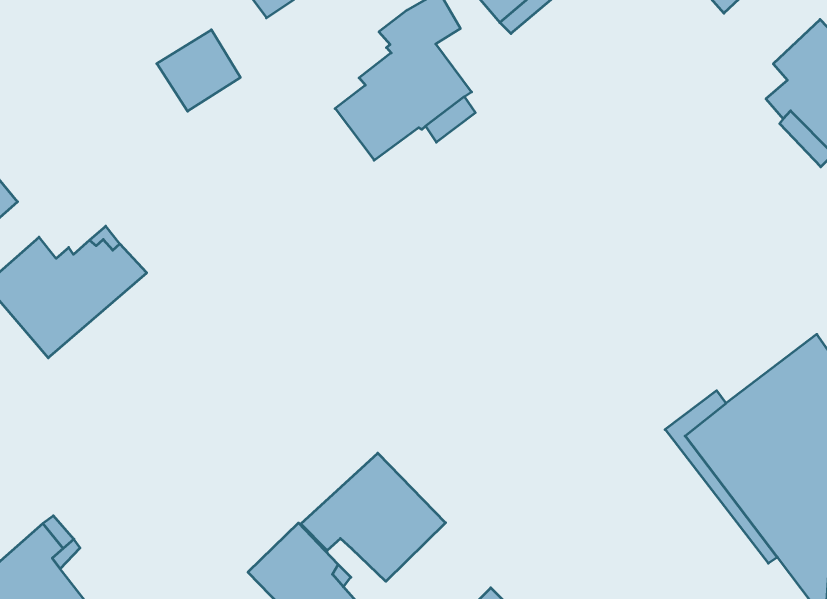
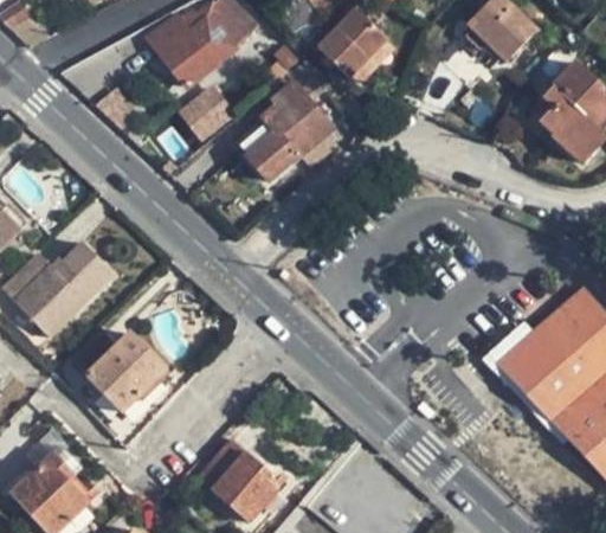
building: [157,30,240,111] -> [176,83,236,141]
building: none -> [73,330,165,410]
building: [301,453,446,581] -> none

